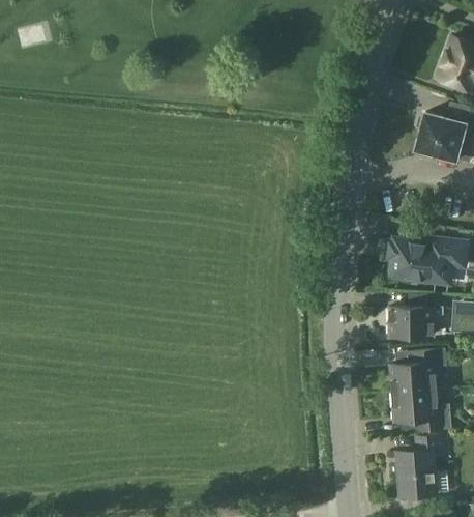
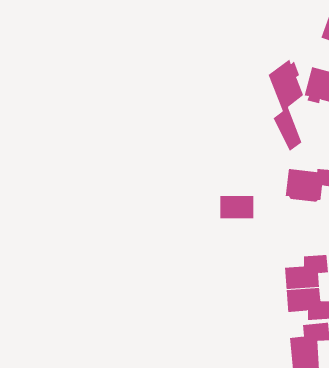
building: none -> [268,59,304,152]
building: [389,308,433,337] -> [219,196,254,219]

